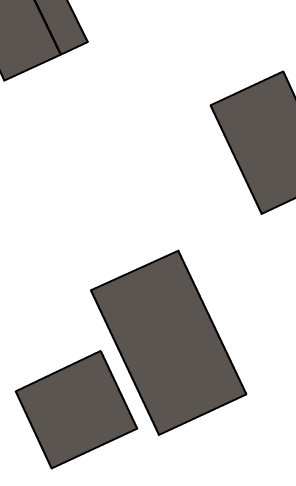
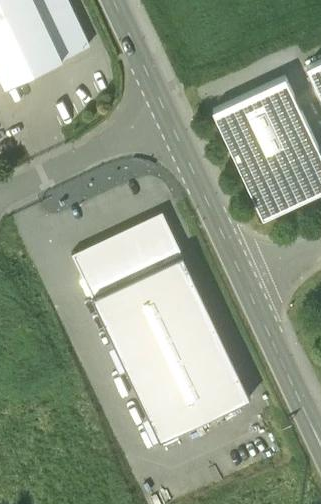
building: none -> [73,216,180,298]
building: [16,351,137,469] -> none

